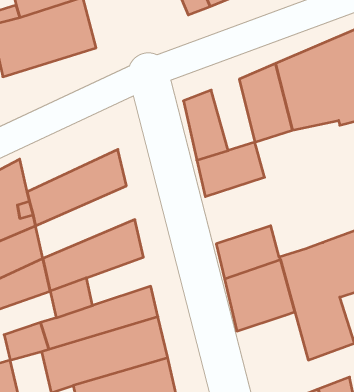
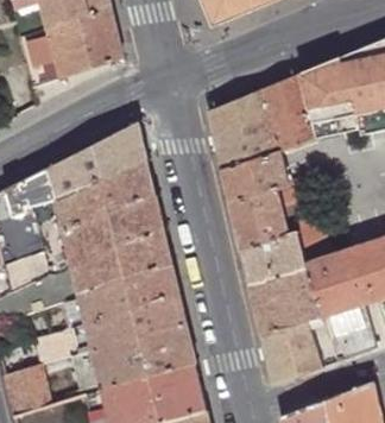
building: none -> [238,89,280,159]
building: none -> [50,121,146,200]
building: none -> [232,178,330,264]
building: none -> [65,194,163,265]
building: none -> [115,264,178,311]
building: none -> [263,321,323,386]

